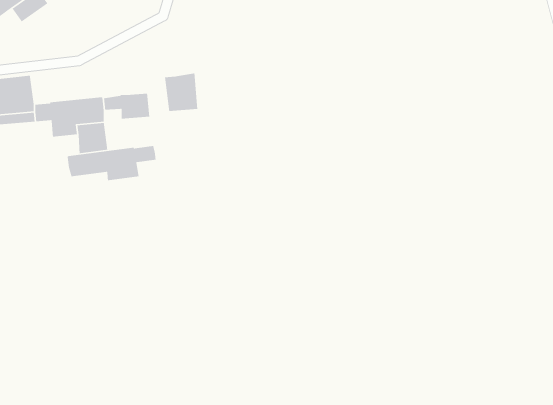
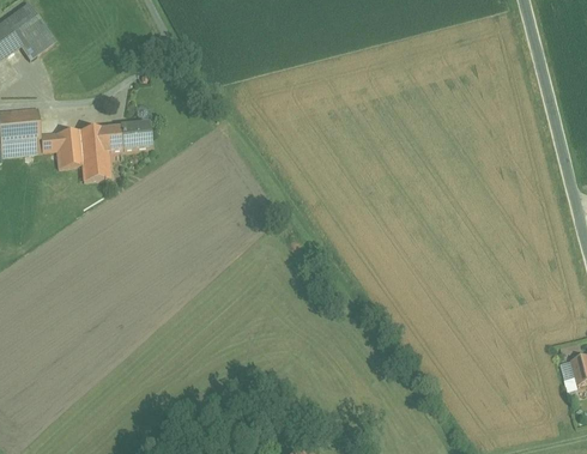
building: [164,73,198,112] -> none
building: [67,145,156,181] -> none

